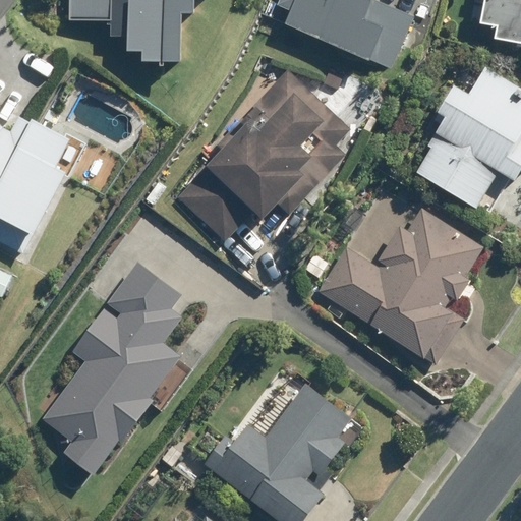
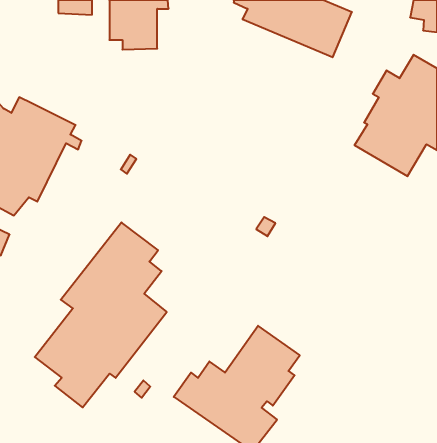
building: [175,69,348,241] -> none
building: [315,207,483,362] -> none

